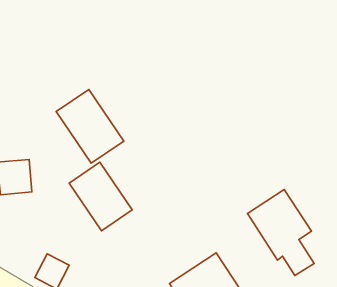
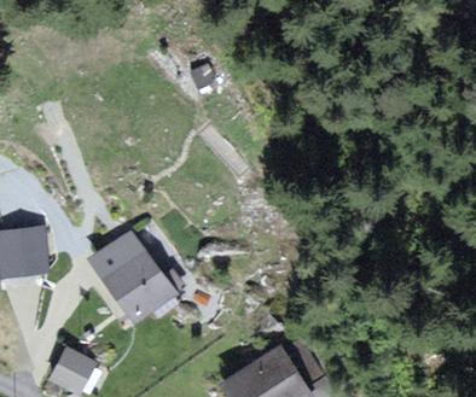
building: [56,90,124,163] -> none
building: [247,190,314,275] -> none

